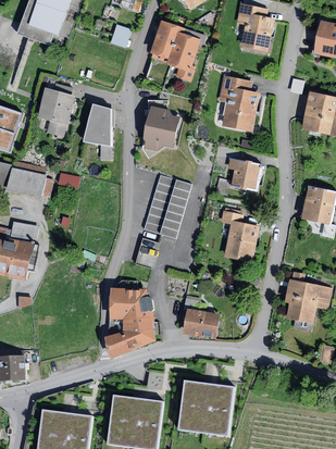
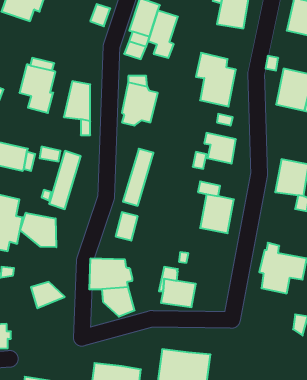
building: [159,178,191,238] -> [49,151,81,209]
building: none -> [20,213,56,247]
building: [104,332,139,359] -> [31,282,65,308]

